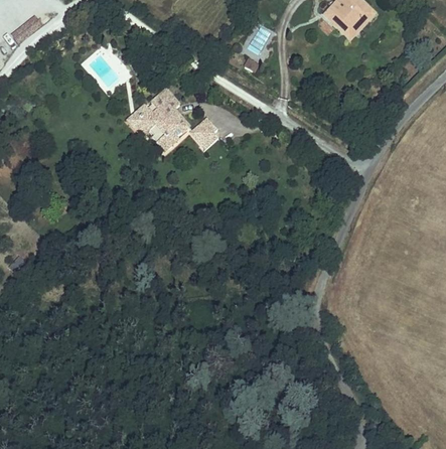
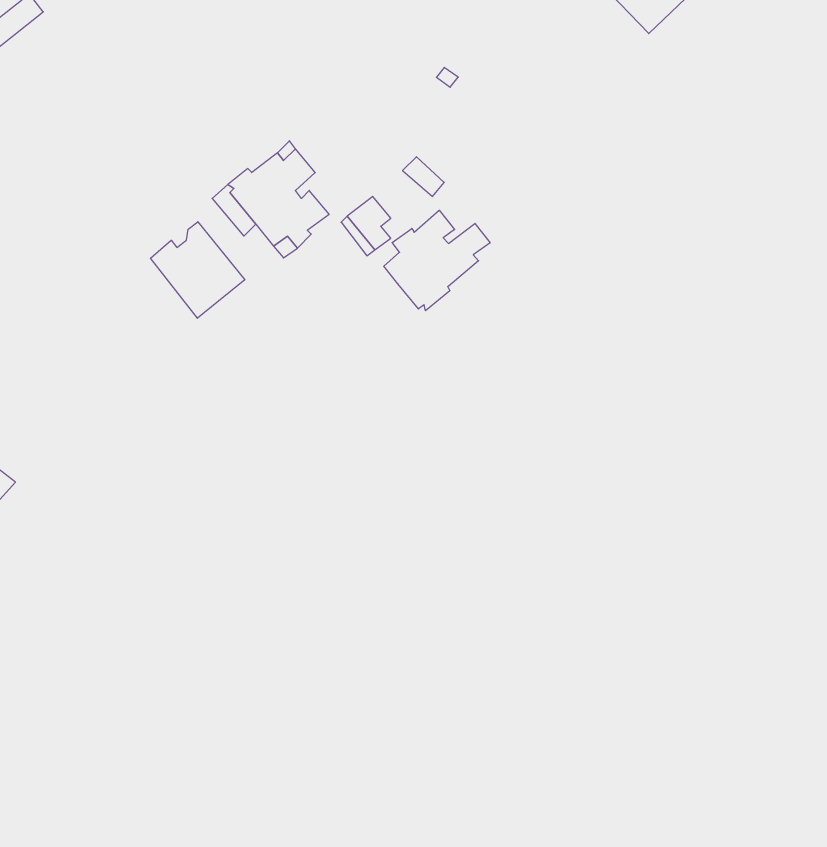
building: none -> [384,210,490,311]
building: none -> [150,222,245,318]

